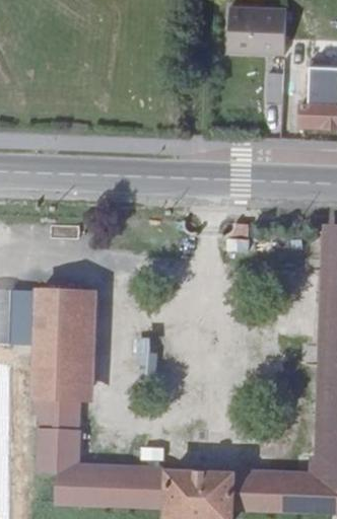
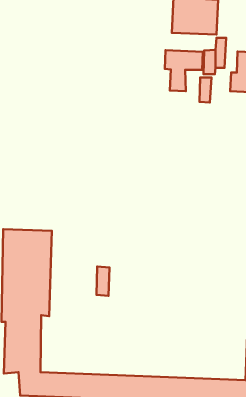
building: none -> [165,50,203,91]

